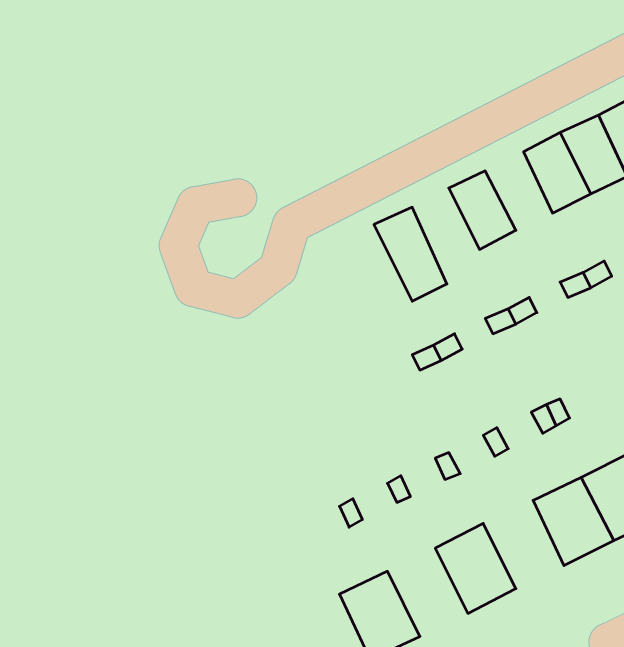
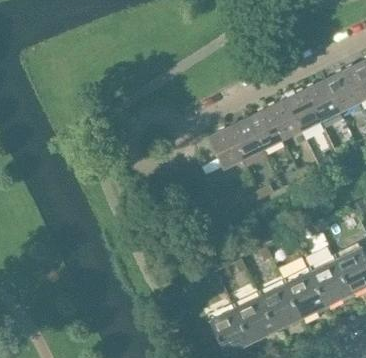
building: none -> [284,90,319,131]
building: none -> [246,109,281,150]
building: none -> [206,128,242,170]
building: none -> [283,272,325,318]
building: none -> [233,297,275,343]

